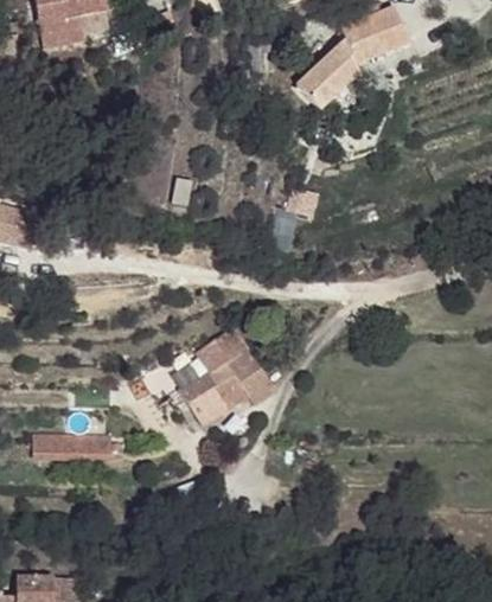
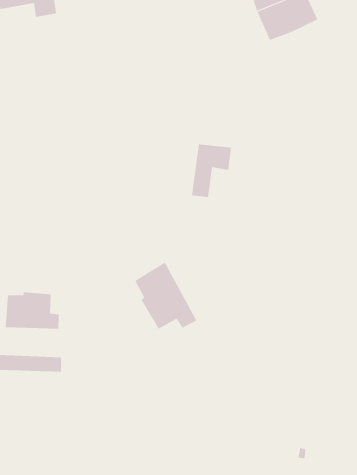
building: [298,39,383,113] -> none
building: none -> [5,291,59,330]
building: [180,372,224,422] -> none

